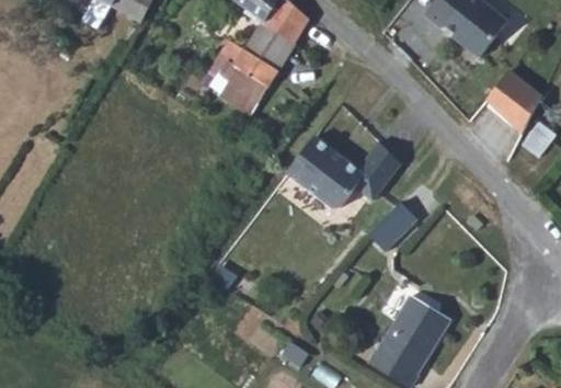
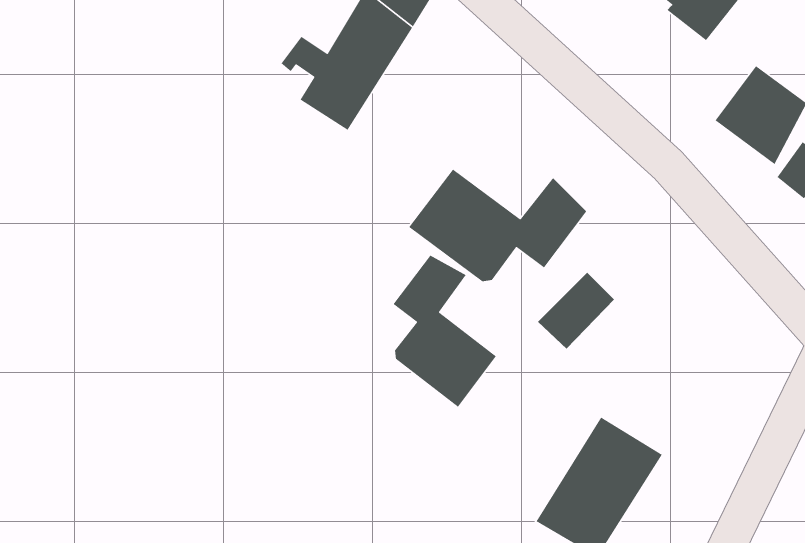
building: none -> [393,254,497,408]

